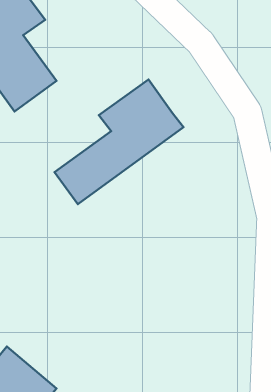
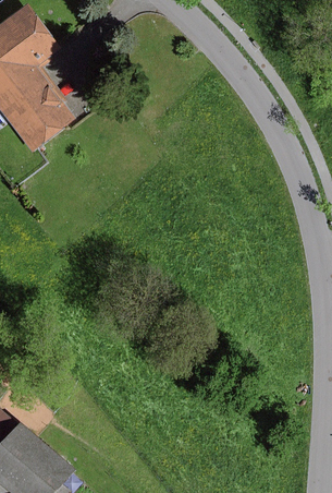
building: [55,79,183,204] -> none

